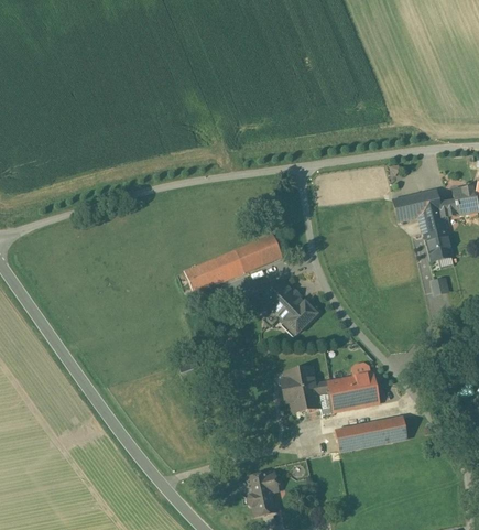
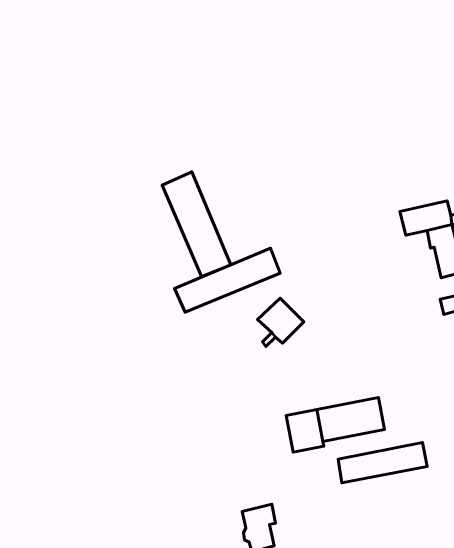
building: none -> [162,172,231,277]
building: [282,301,318,336] -> none
building: [285,366,317,389] -> none

